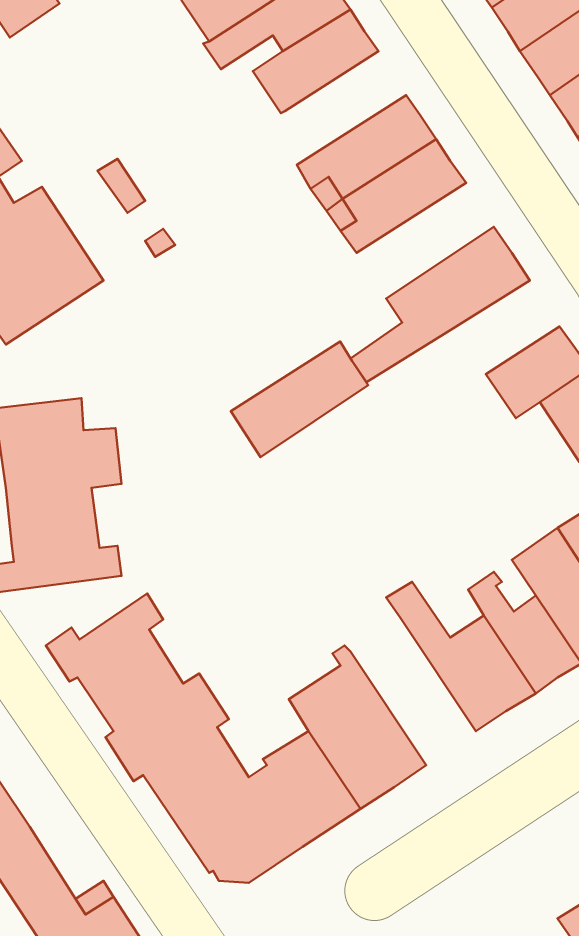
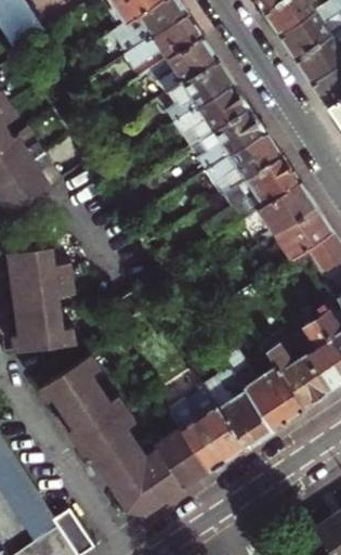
building: none -> [165,60,232,121]
building: none -> [259,184,315,235]
building: [231,341,368,457] -> [205,131,279,194]
building: none -> [201,367,270,448]

